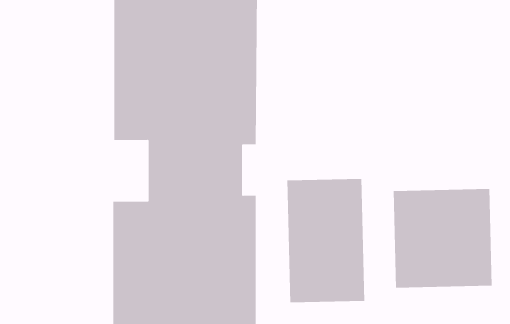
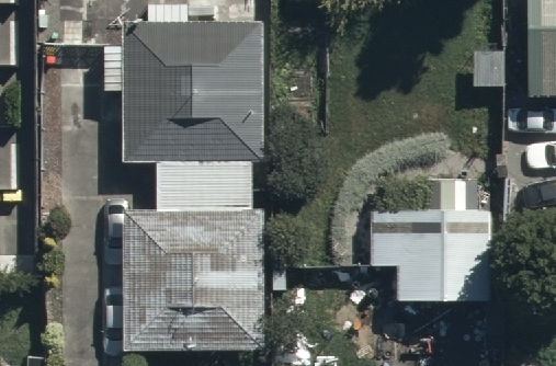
building: [287,178,365,303] -> none

